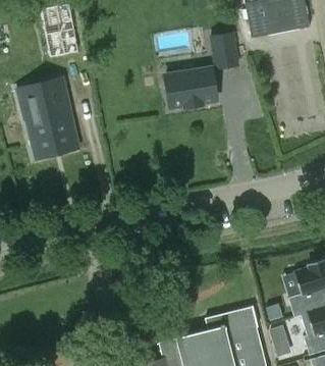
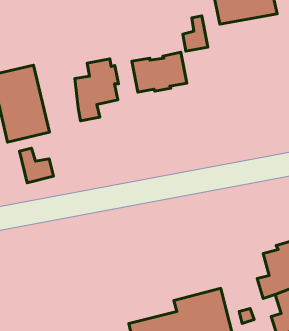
building: none -> [75,59,119,121]
building: none -> [19,148,54,183]

